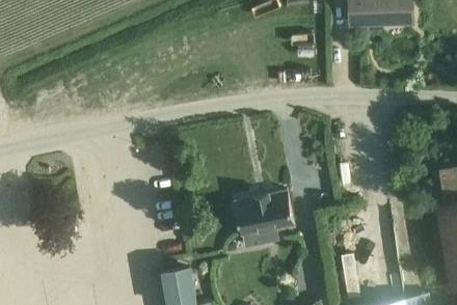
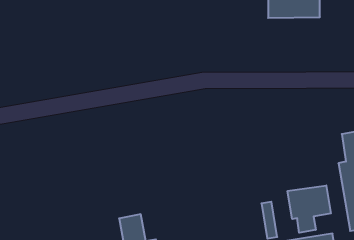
building: [234,192,292,244] -> none
building: none -> [288,185,331,233]

